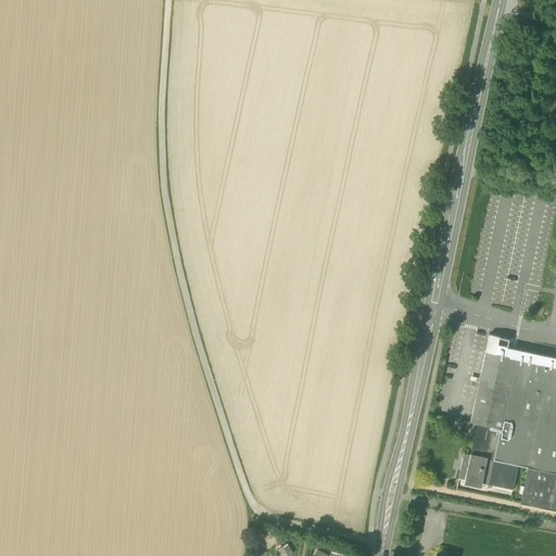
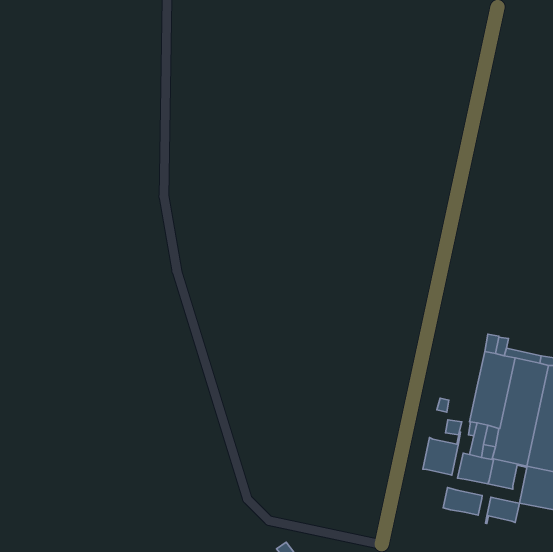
building: none -> [423,432,461,475]
building: none -> [443,487,482,515]
building: none -> [486,497,519,524]

